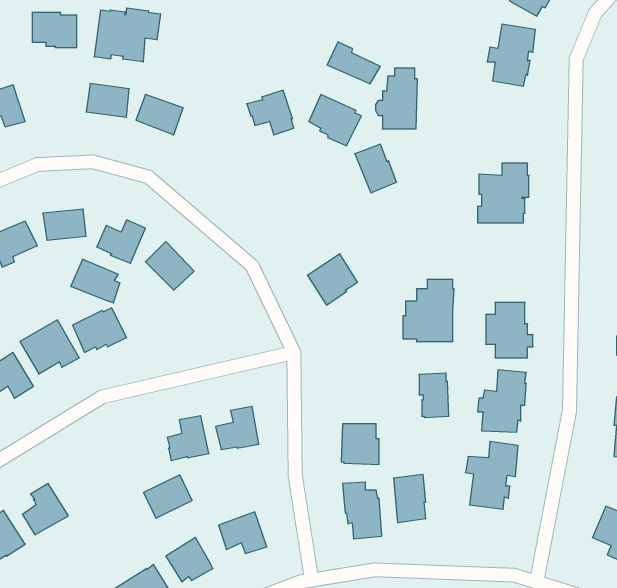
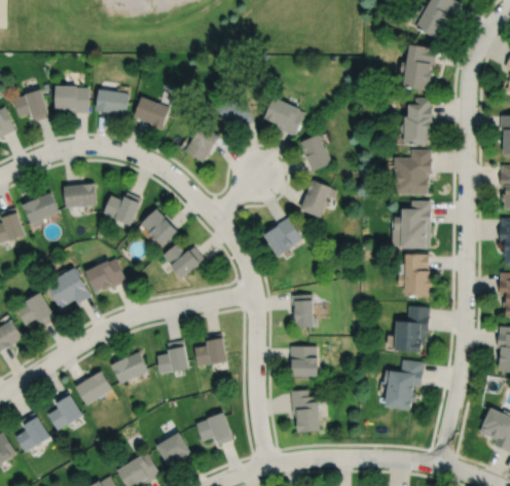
building: [94,8,160,62] -> none
building: [32,12,77,47] -> [53,85,87,112]
building: [327,42,380,84] -> none
building: [376,68,417,129] -> [401,98,433,144]
building: none -> [184,124,219,162]
building: none -> [299,180,330,218]
building: [71,259,120,303] -> none
building: [403,279,454,342] -> [393,201,432,249]
building: none -> [162,244,204,278]
building: [419,373,449,418] -> [291,295,314,329]
building: none -> [74,372,111,407]
building: [394,474,425,523] -> none
building: [144,475,192,518] -> [110,352,147,385]

